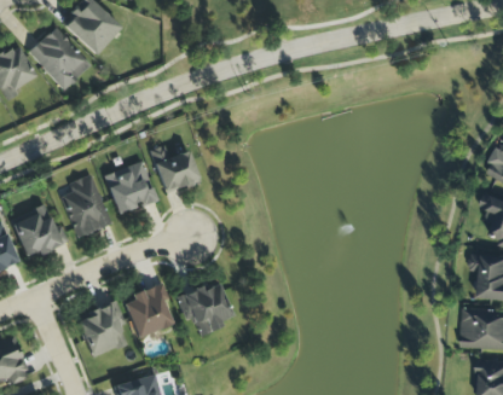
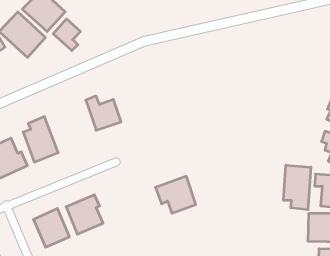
building: none -> [53,19,80,51]
building: [104,161,157,214] -> none
building: none -> [284,165,311,210]
building: [177,281,233,333] -> [155,176,196,213]

